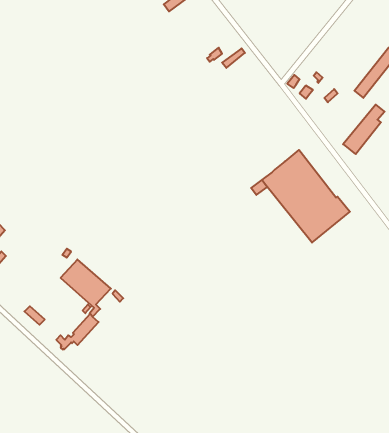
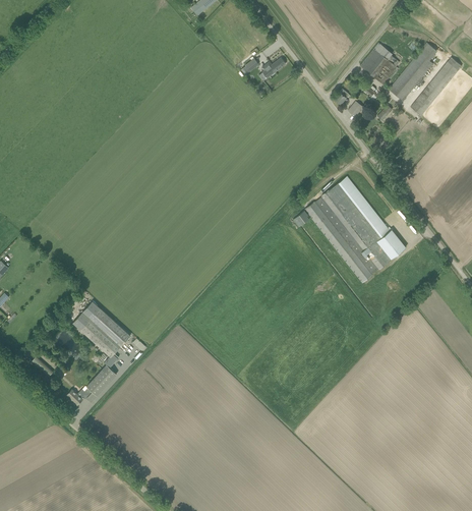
building: none -> [360,43,400,86]
building: [343,105,385,154] -> [389,43,436,100]

